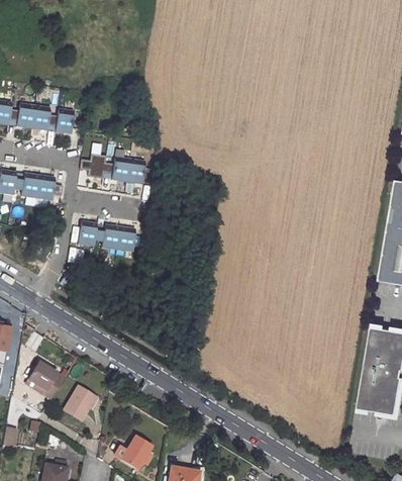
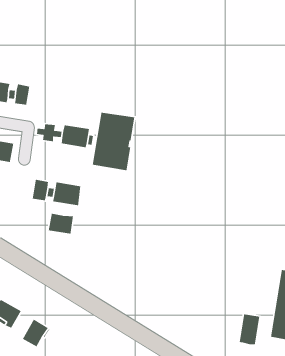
building: none -> [92,112,135,171]
building: none -> [48,213,74,235]
building: none -> [239,313,260,345]

